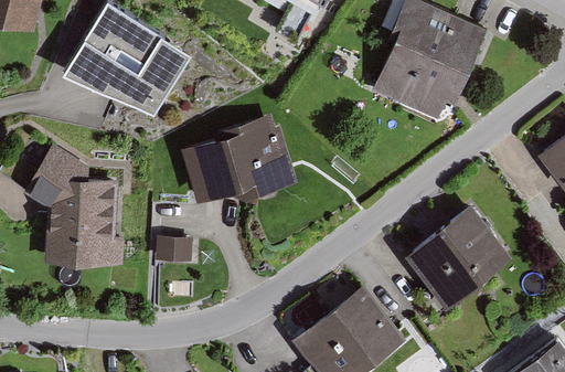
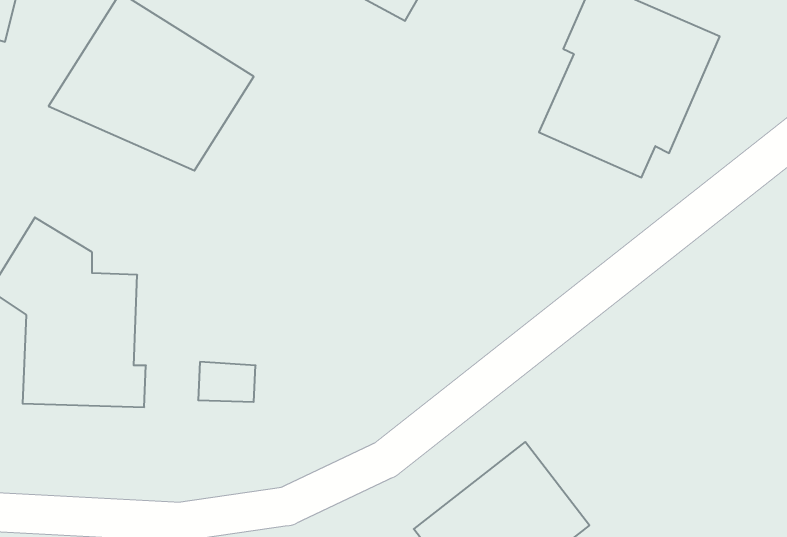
building: [181,114,298,202] -> none
building: [405,204,513,320] -> none

